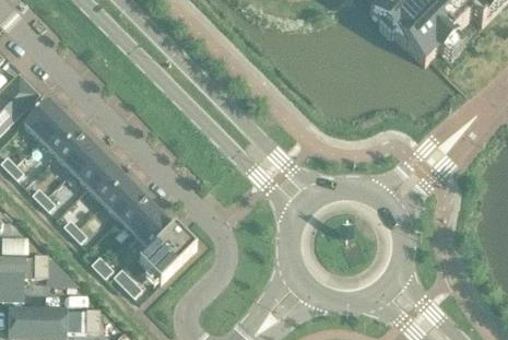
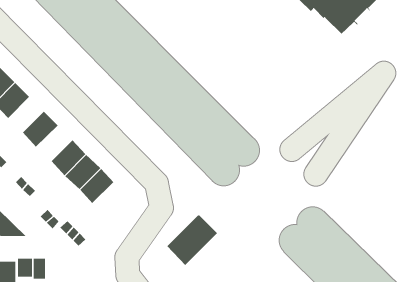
building: [54,129,93,168] -> none
building: [84,161,125,200] -> none
building: [137,222,193,279] -> [167,214,218,266]

